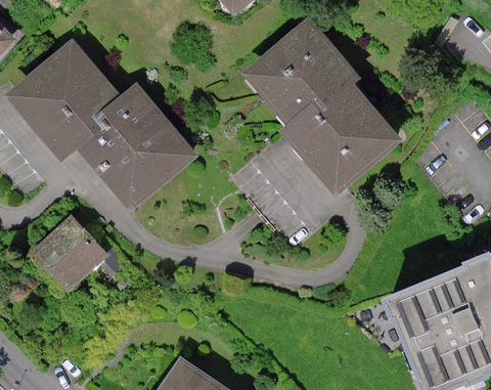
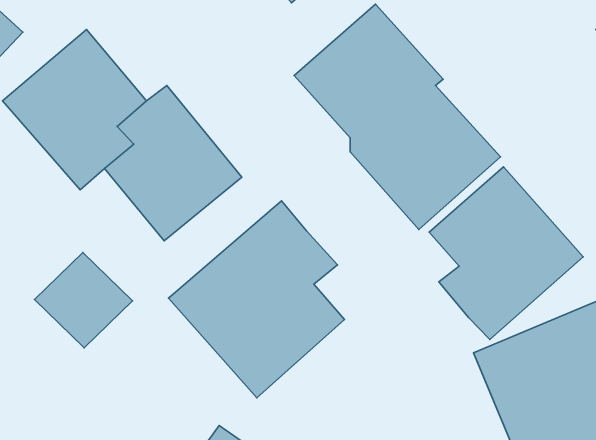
building: none -> [429,167,583,339]
building: none -> [169,201,344,398]

